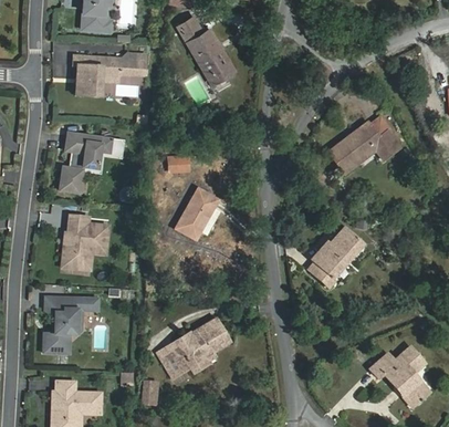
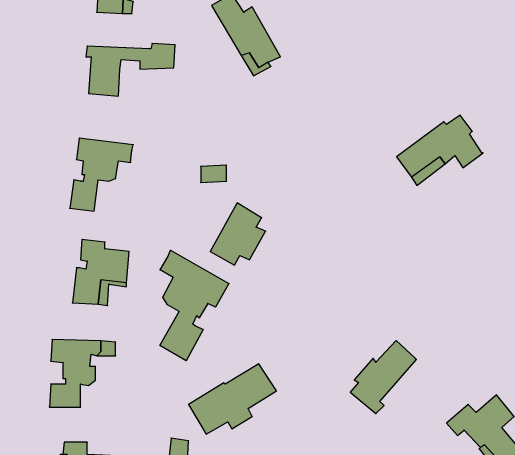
building: none -> [160,250,229,361]
building: [307,227,362,287] -> [350,341,416,414]

